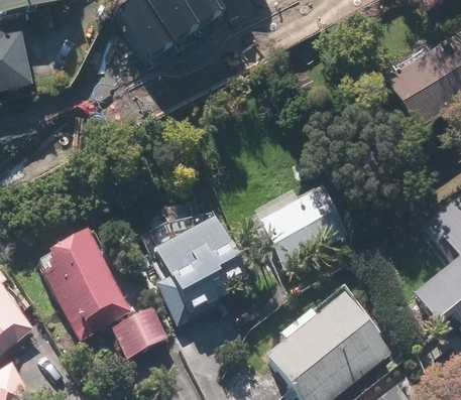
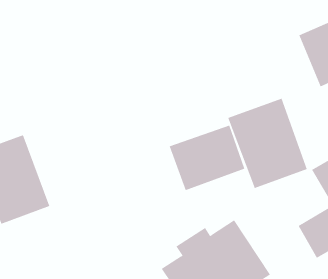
building: none -> [228,98,307,189]
building: [153,216,242,322] -> none
building: [112,307,166,355] -> none

